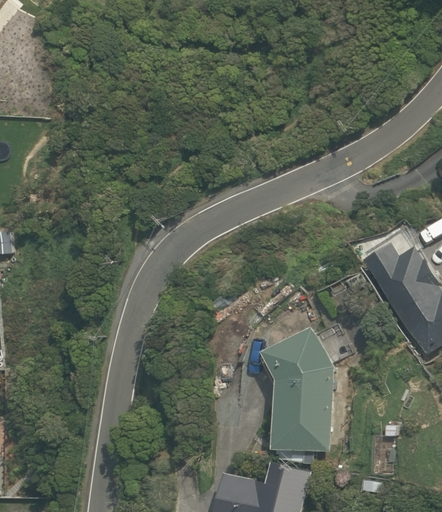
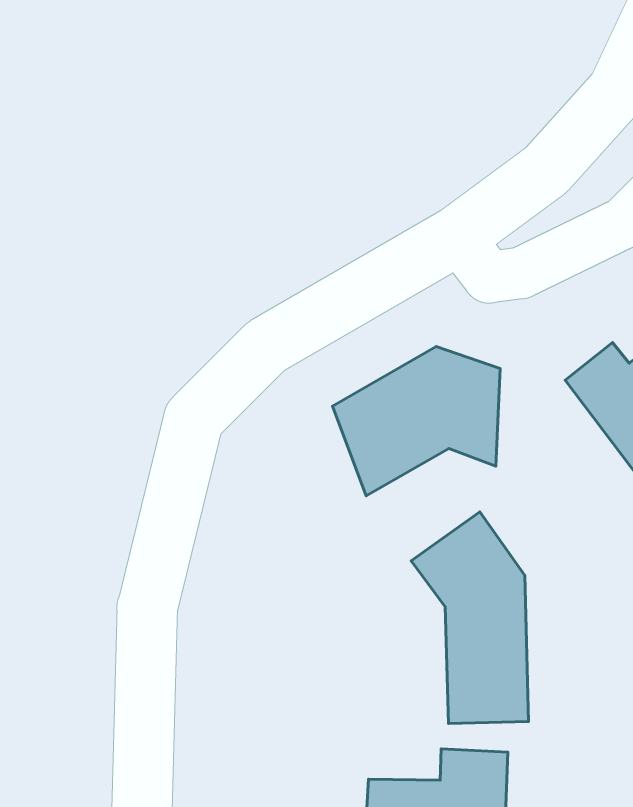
building: none -> [333,346,500,496]

